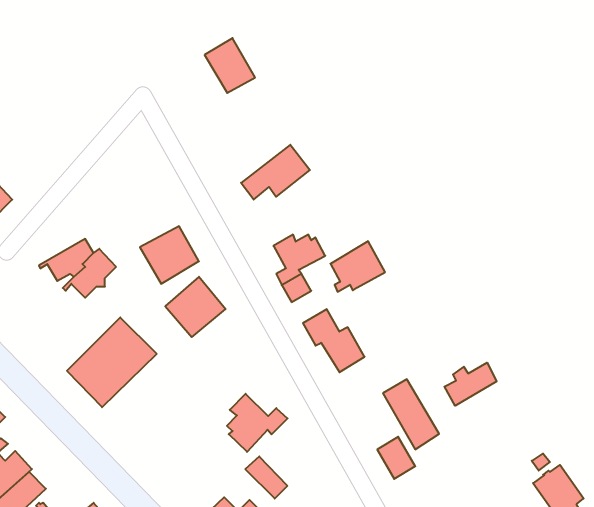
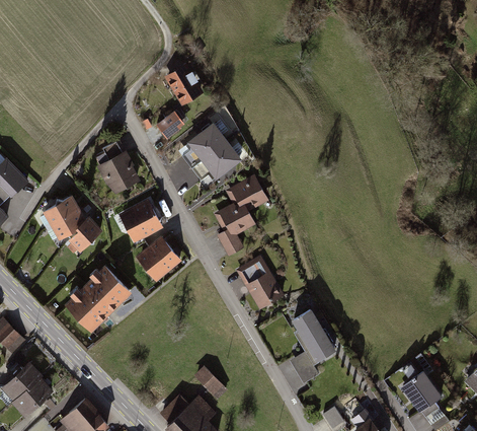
building: none -> [155,110,184,139]
building: none -> [182,124,227,169]
building: none -> [99,142,137,193]
building: none -> [43,196,79,229]
building: [330,241,385,292] -> [226,175,265,212]
building: [444,363,497,406] -> none
building: [227,394,288,452] -> none

